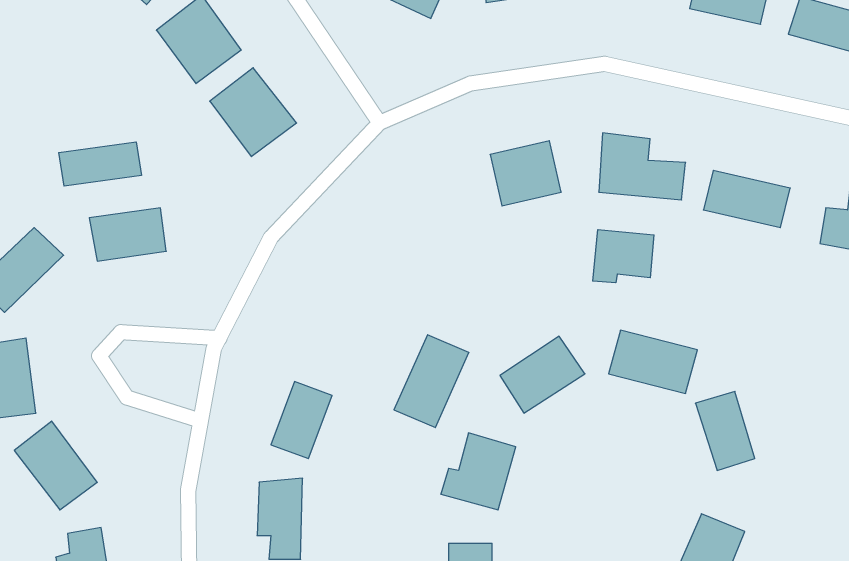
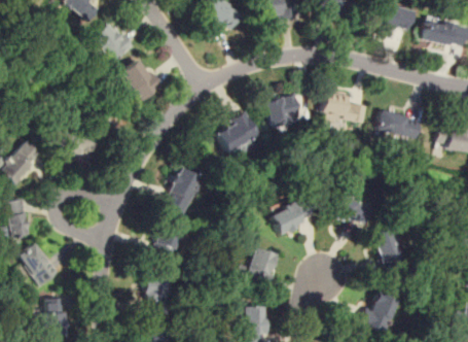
building: [59,142,141,186] -> none
building: none -> [214,111,260,156]
building: [593,230,654,283] -> none
building: [394,335,469,428] -> [161,167,201,215]

